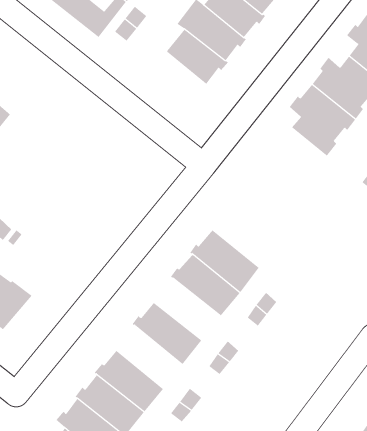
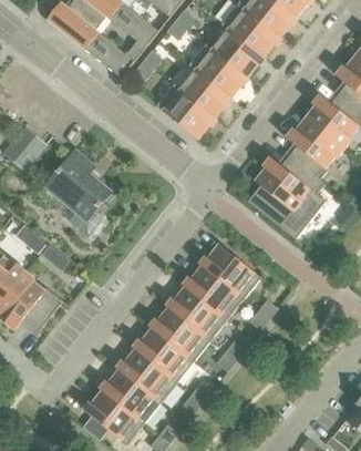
building: none -> [156,84,217,140]
building: none -> [43,150,110,236]
building: none -> [247,155,326,239]
building: none -> [166,286,227,340]
building: none -> [133,327,194,382]

